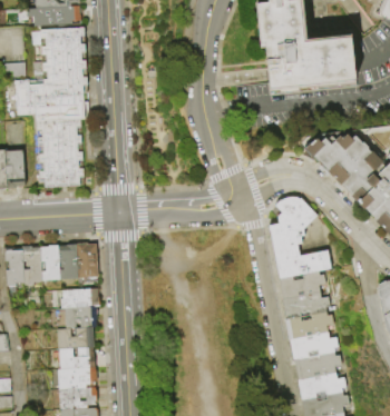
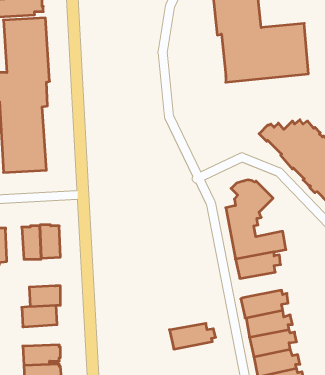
building: [40,245,59,279] -> none
building: [61,287,99,307] -> none
building: [282,291,330,318] -> [169,323,216,349]
building: [59,346,96,368] -> none

